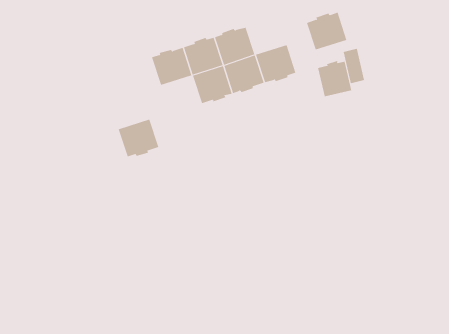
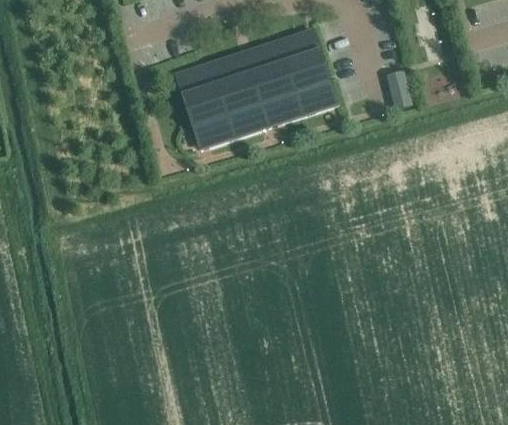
building: [306,12,347,50] -> [281,33,326,75]
building: [317,60,352,97] -> none
building: [118,119,159,157] -> [187,98,232,140]

